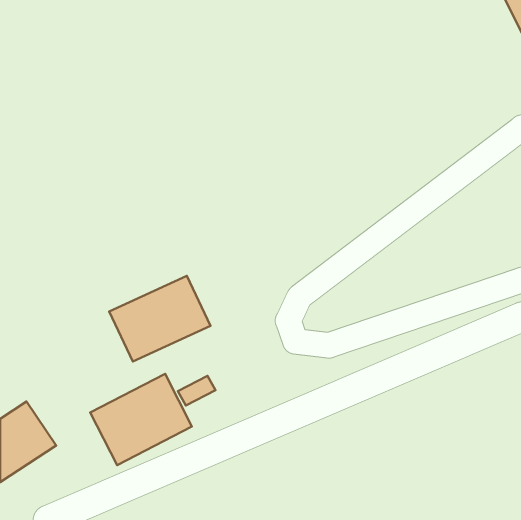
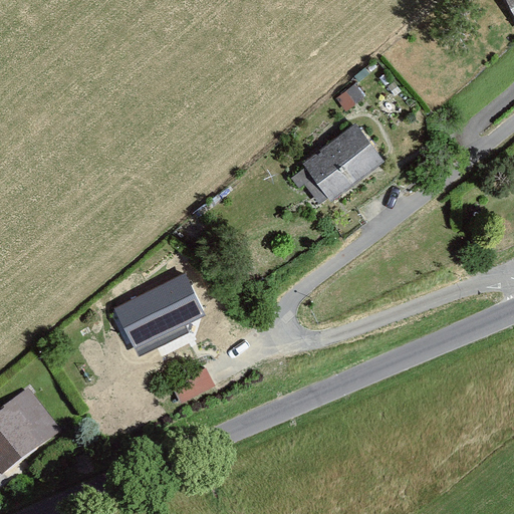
building: none -> [295,119,389,208]
building: [90,374,192,465] -> none

